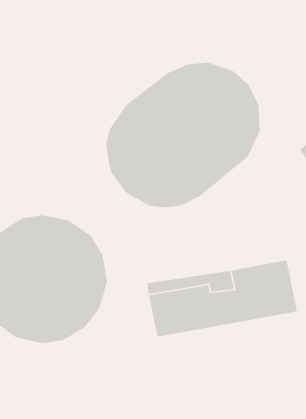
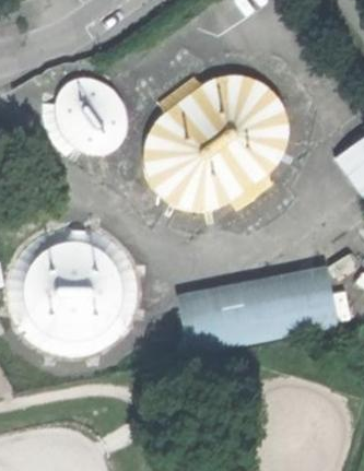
building: none -> [55,79,128,155]

